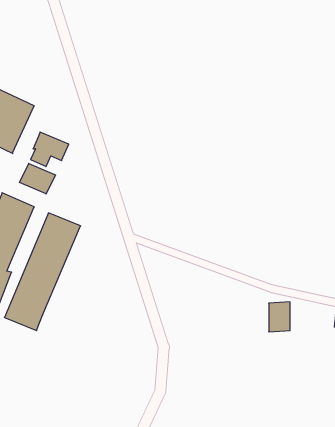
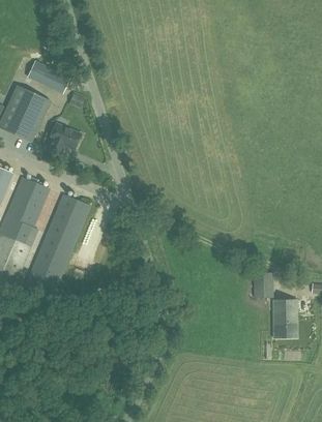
building: none -> [27,60,70,93]
building: [19,163,55,194] -> none
building: none -> [272,298,297,337]

